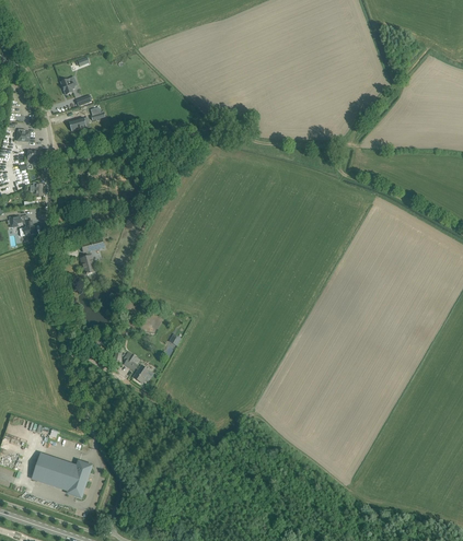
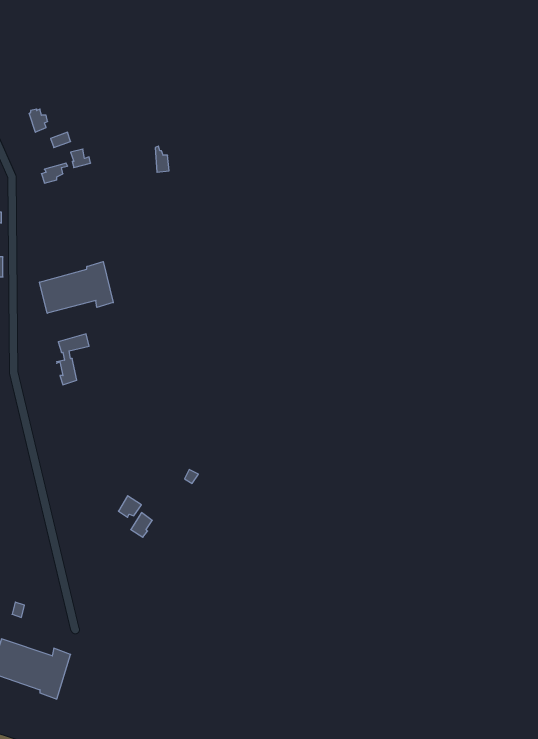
building: none -> [40,262,113,313]

